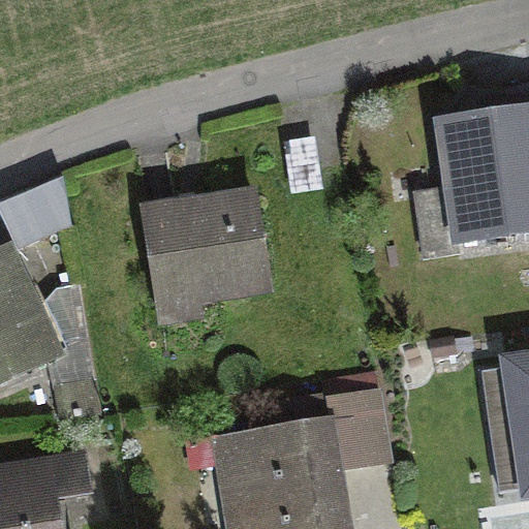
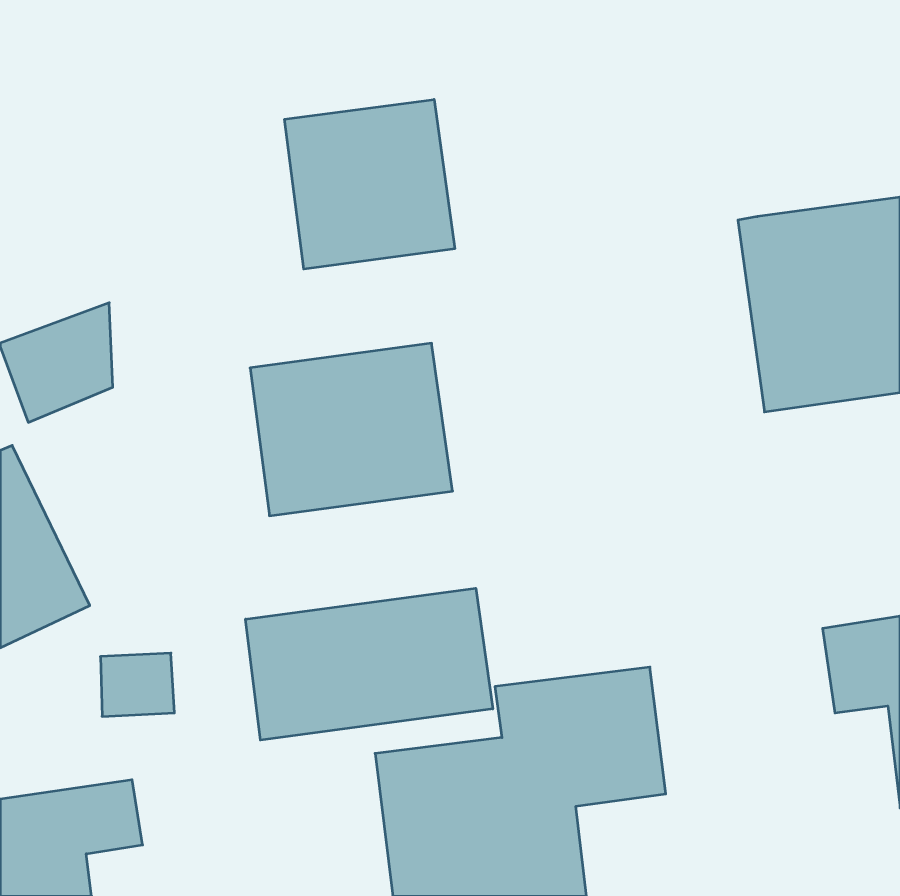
building: none -> [285,99,455,269]
building: none -> [246,588,493,740]

